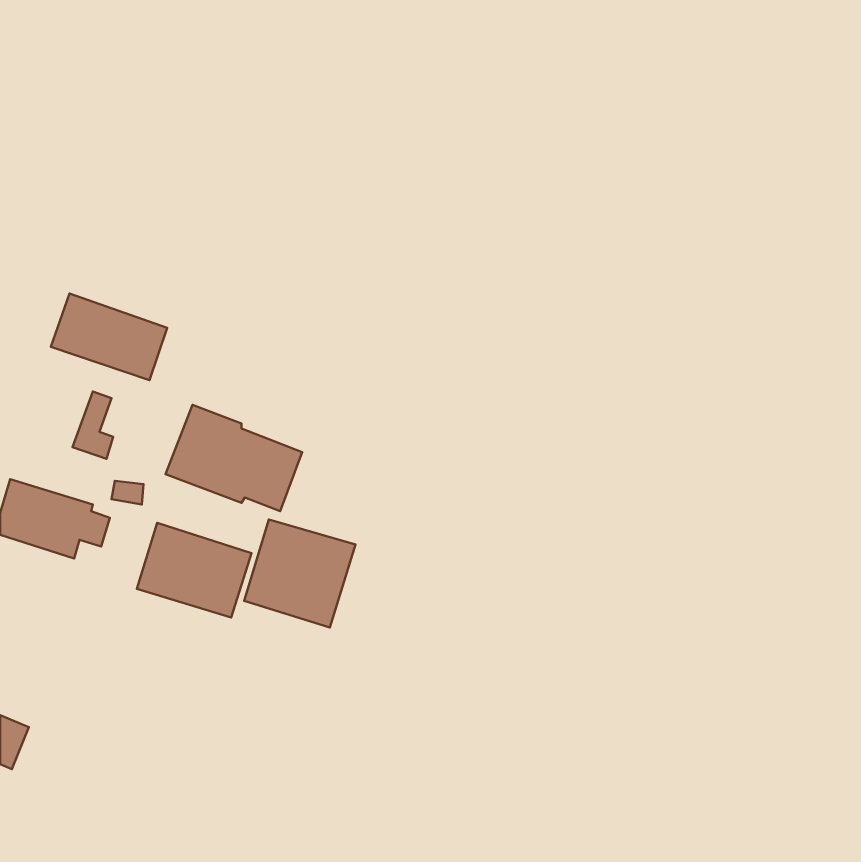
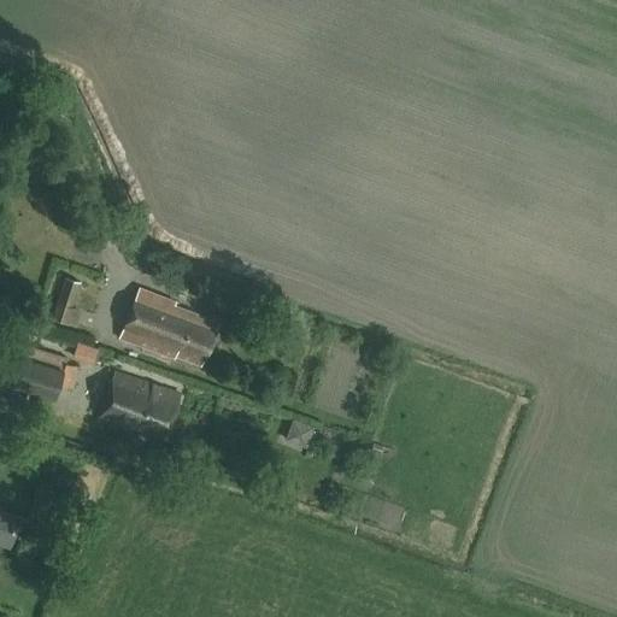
building: [51,293,167,380] -> none
building: [244,520,355,628] -> none

